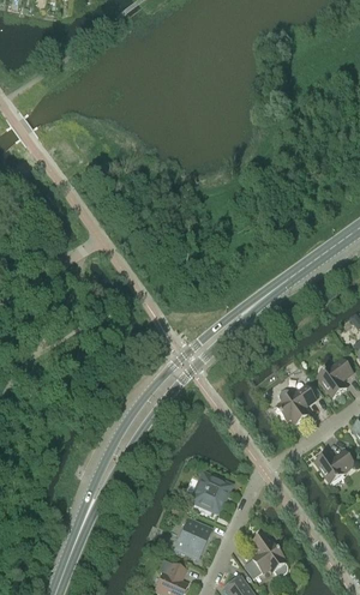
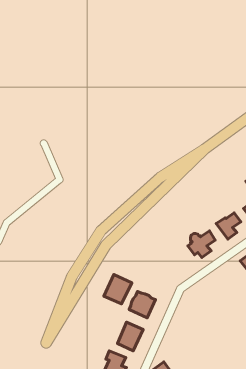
building: none -> [104,275,132,304]
building: [313,450,354,482] -> none
building: [244,531,286,578] -> none

